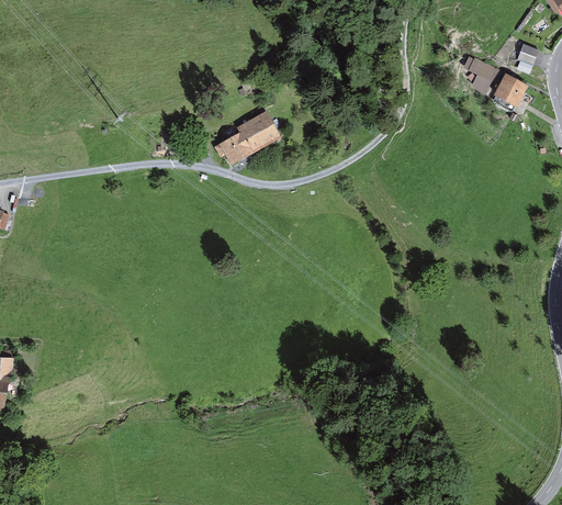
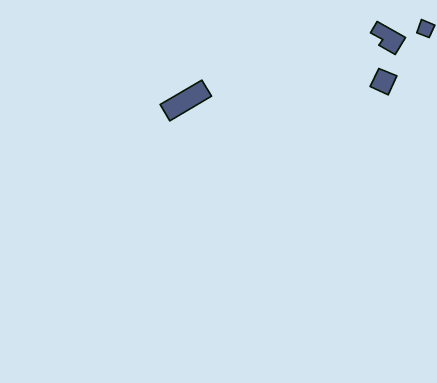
building: [494,77,525,108] -> [370,68,397,95]

